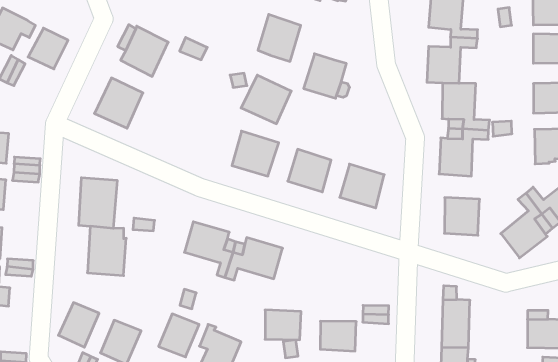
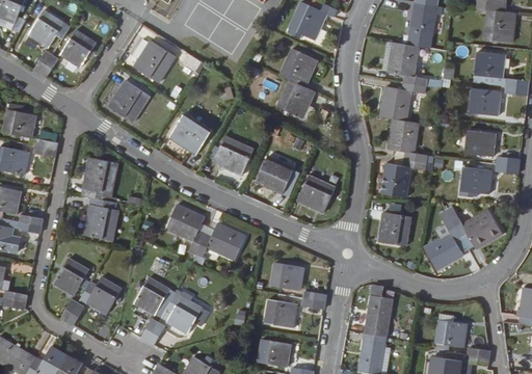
building: [258,14,301,61] -> [283,48,320,88]
building: [241,75,291,124] -> [169,113,212,155]
building: [265,310,301,340] -> [271,261,303,289]

